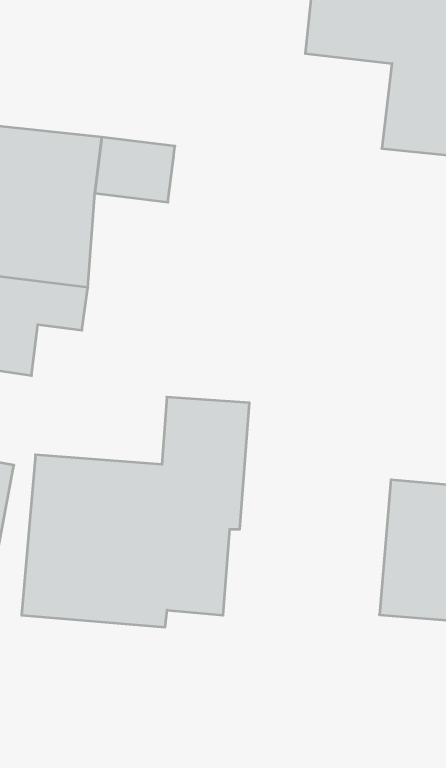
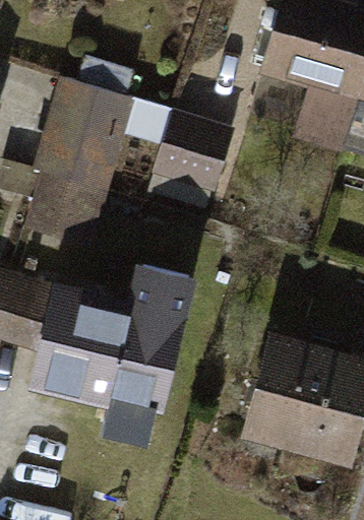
building: none -> [156,118,232,189]

